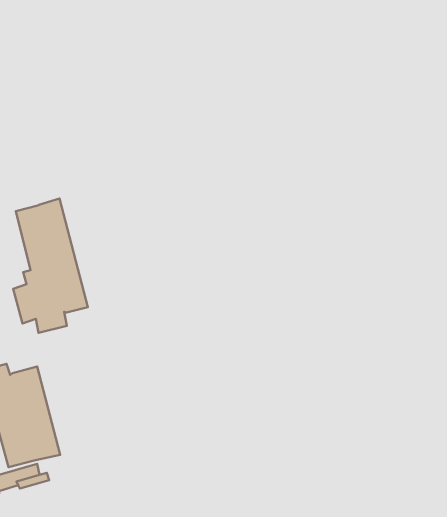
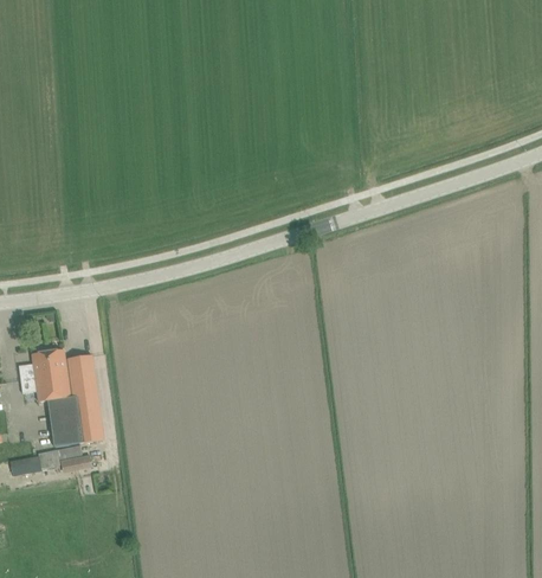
building: [13,198,88,333] -> none

